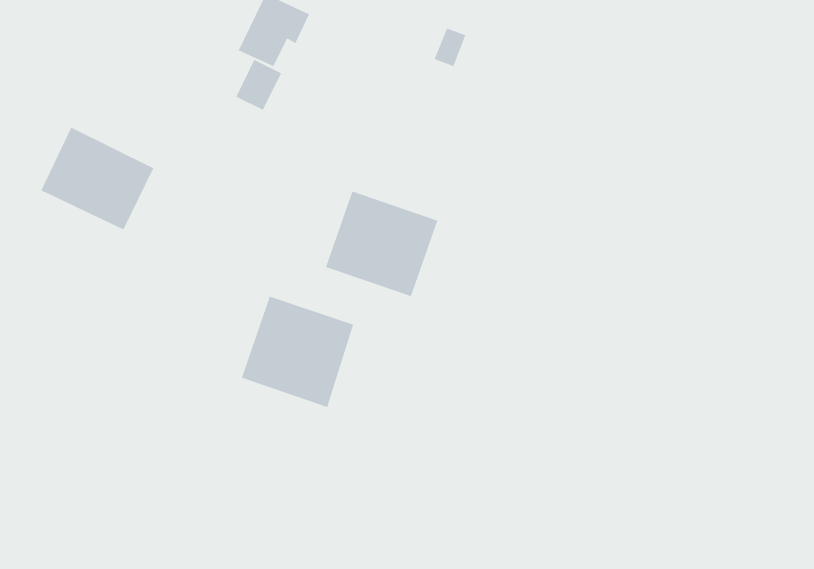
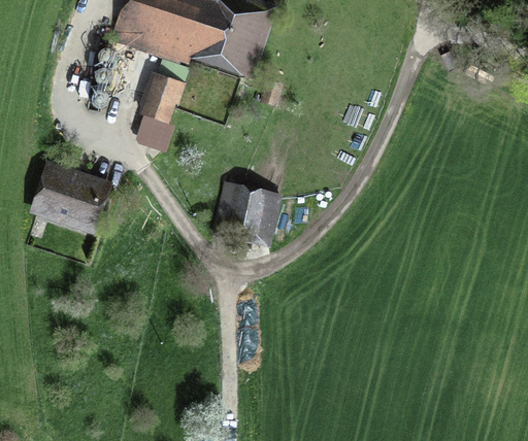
building: [241,296,354,408] -> none

